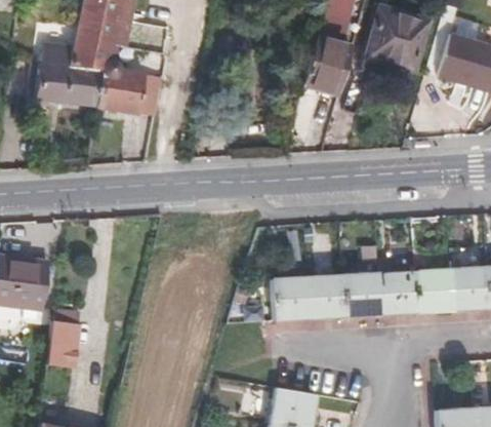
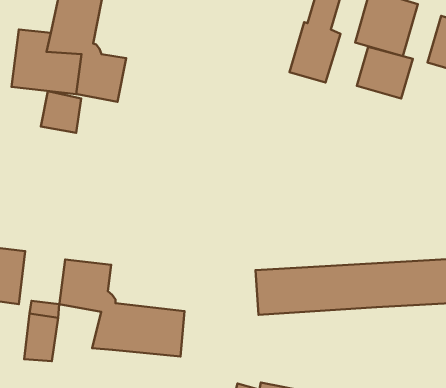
building: none -> [357,47,413,99]
building: none -> [41,91,81,133]
building: none -> [59,259,184,356]

